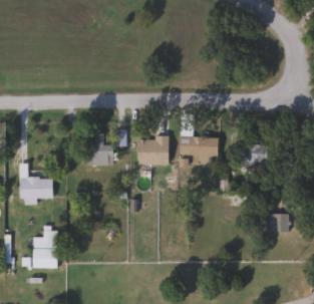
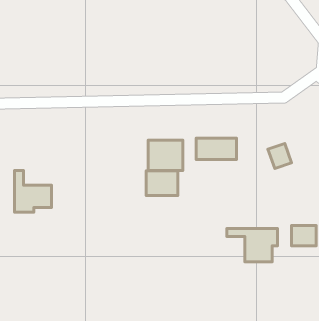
building: [85,143,113,166] -> [146,171,178,196]
building: none -> [227,228,278,262]
building: [32,230,58,268] -> none

